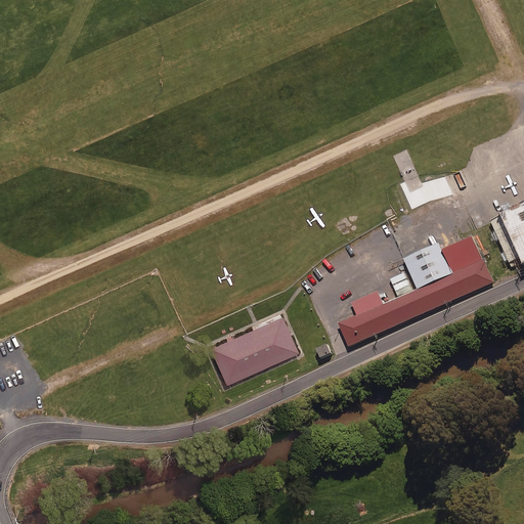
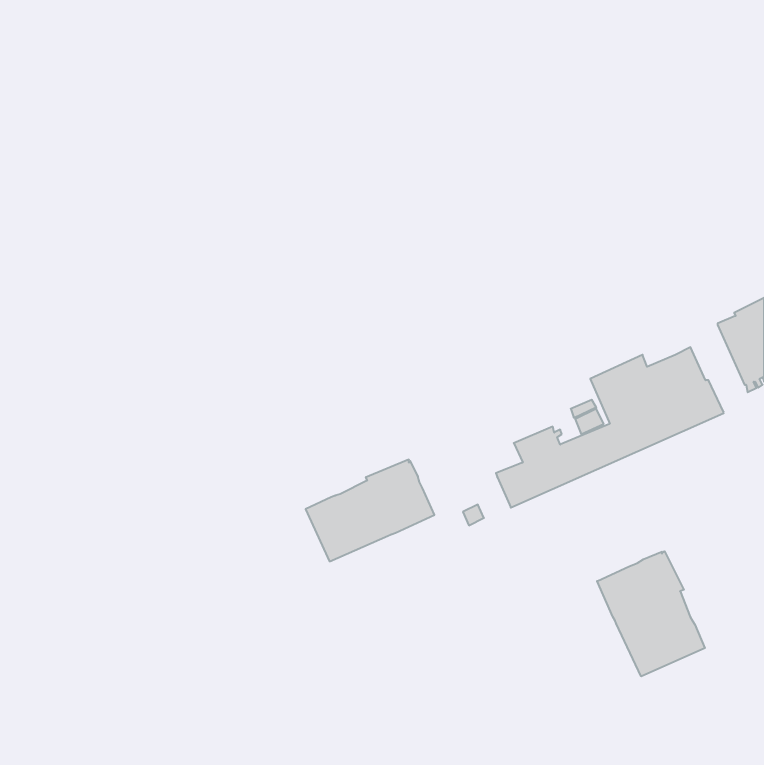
building: none -> [597,551,705,676]

